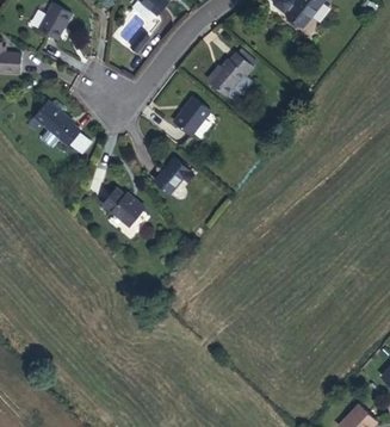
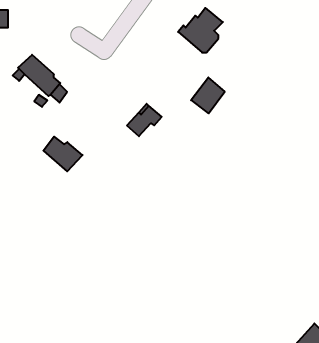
building: [174,97,211,136] -> [191,77,225,113]
building: [104,187,147,225] -> [43,137,83,171]

